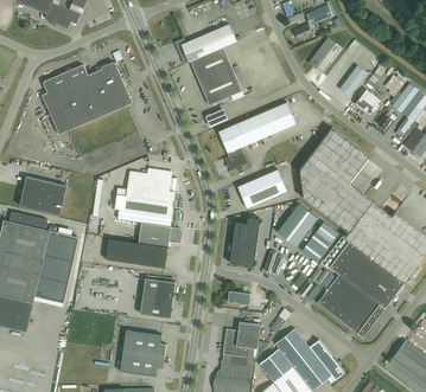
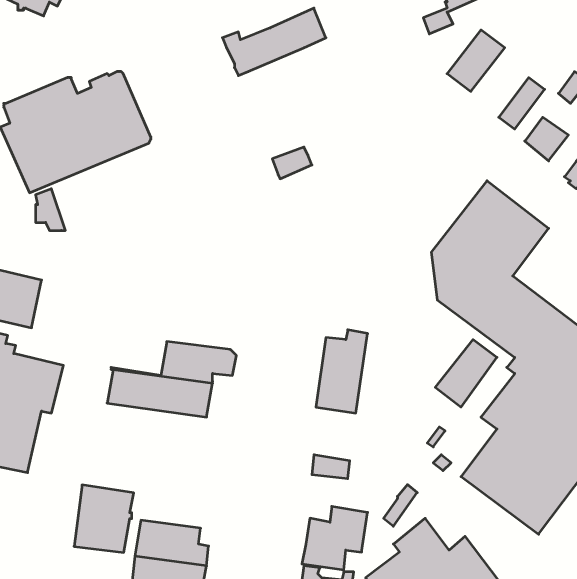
building: [189,47,243,105] -> none
building: [217,102,294,171] -> none
building: [114,168,174,217] -> none
building: [236,168,286,206] -> none
building: [278,205,318,248] -> none
building: [139,277,174,317] -> [74,485,134,552]

